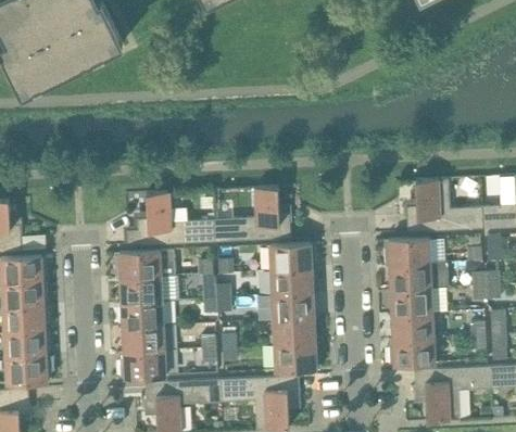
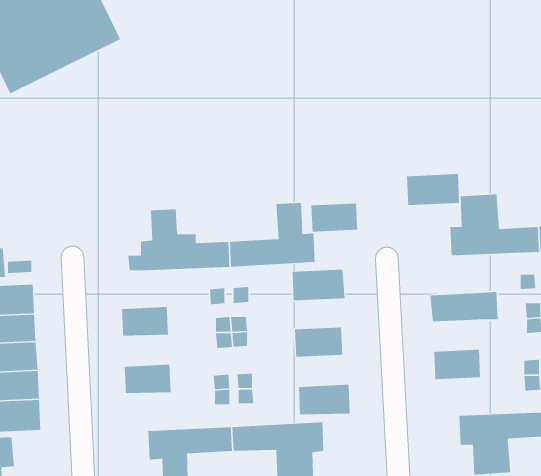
building: [382,238,429,266] -> [406,173,460,206]
building: [114,250,175,278] -> none
building: [269,269,316,295] -> [310,202,364,232]
building: [386,288,431,315] -> none
building: [117,301,163,328] -> none
building: [272,318,318,345] -> none
building: [388,338,433,365] -> none
building: [119,351,166,378] -> none

